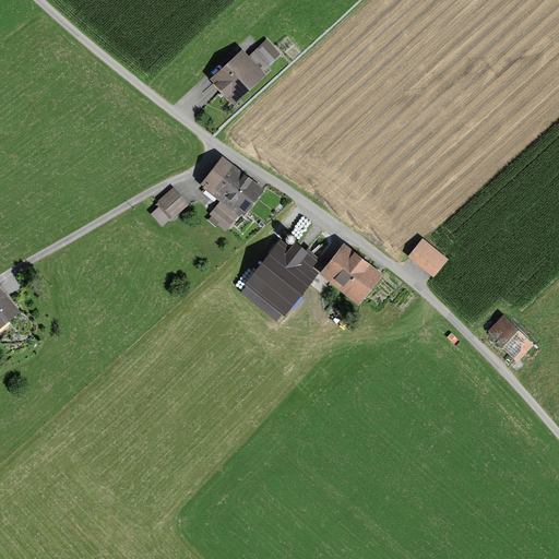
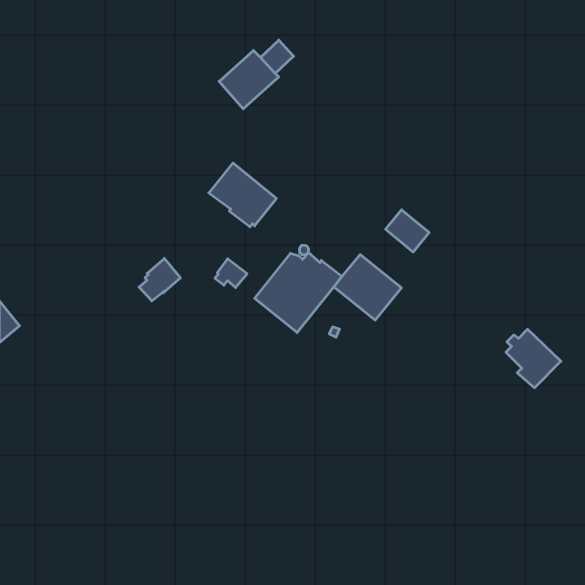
building: [148,187,188,227] -> [139,258,180,301]
building: [206,202,237,229] -> [215,259,247,288]
building: [406,238,448,278] -> [386,210,429,252]

